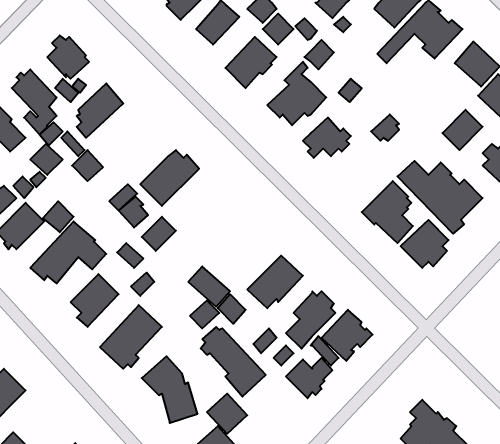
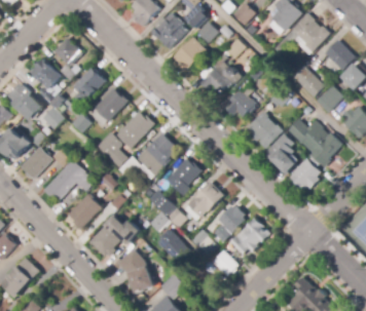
building: none -> [295,69,323,98]
building: none -> [93,87,129,121]
building: none -> [243,111,278,143]
building: none -> [136,131,174,177]
building: none -> [170,157,200,194]

